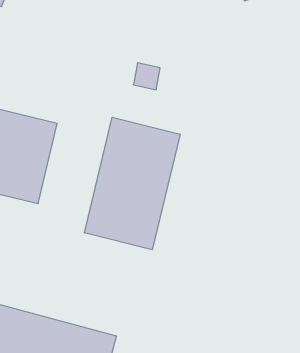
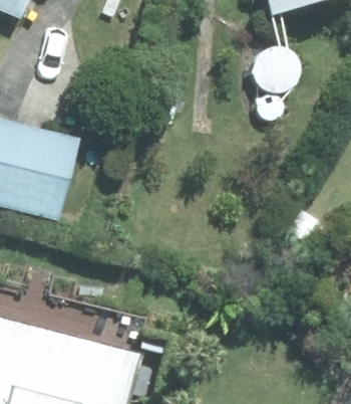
building: [84,117,180,250] -> none

